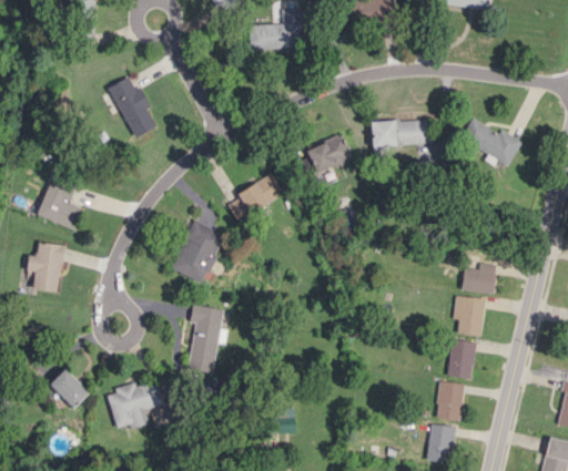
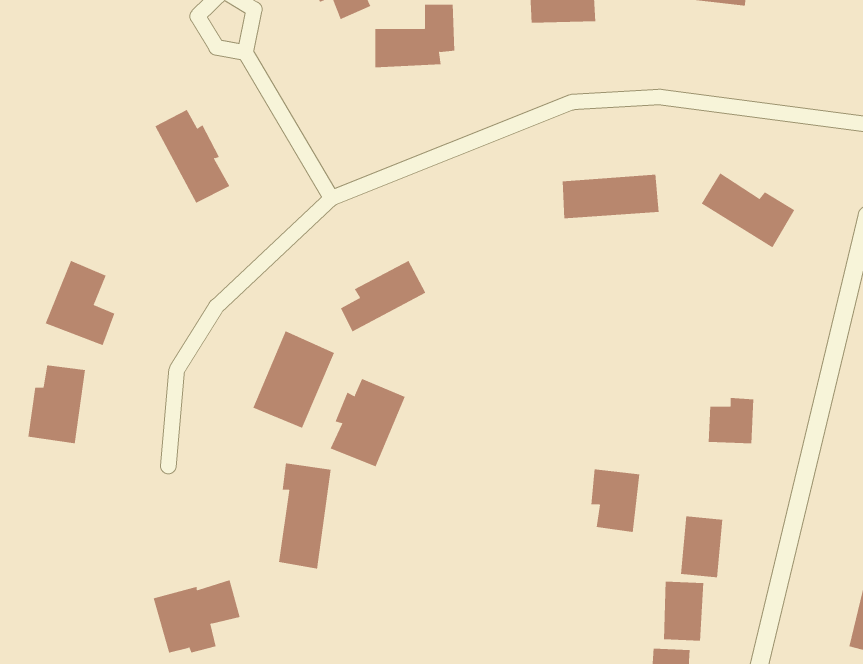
building: [306,134,352,173] -> none
building: none -> [330,378,406,467]
building: [453,296,485,337] -> [591,469,640,532]
building: [48,369,89,409] -> none

